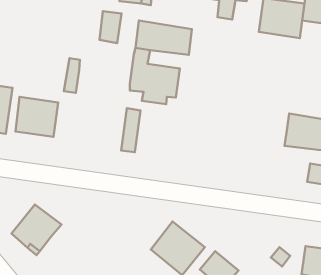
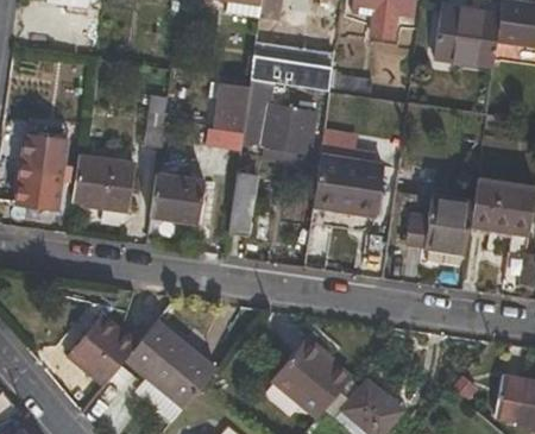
building: [100,11,121,43] -> [215,87,247,134]
building: none -> [311,133,384,215]
building: none -> [151,174,206,222]
building: none -> [405,197,473,266]
building: none -> [125,319,218,410]

